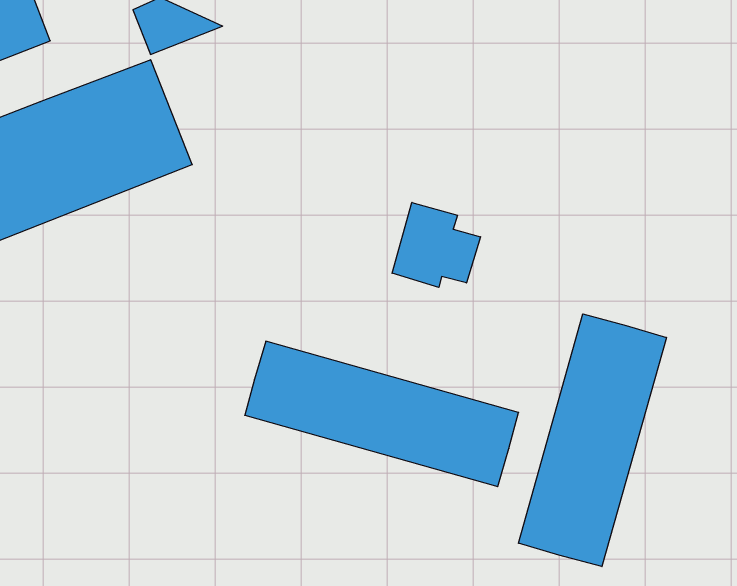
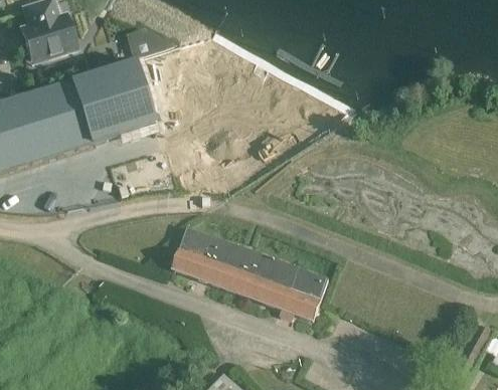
building: [392,202,481,287] -> none
building: [518,314,666,567] -> none

